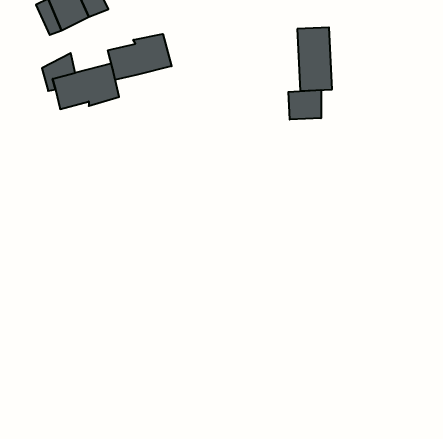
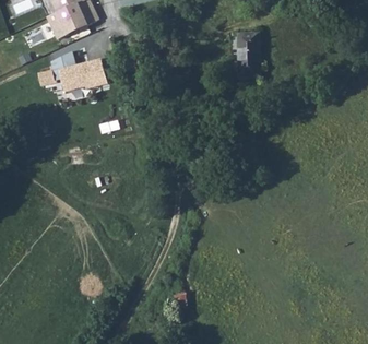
building: [108,34,172,80] -> none
building: [288,90,321,120] -> none

